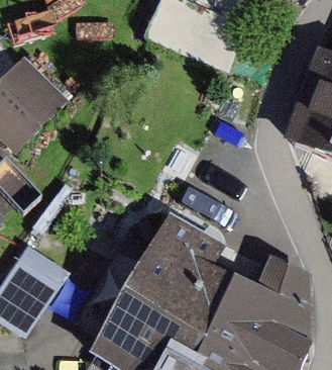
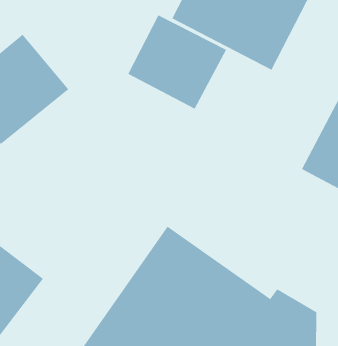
building: none -> [128,14,227,109]

